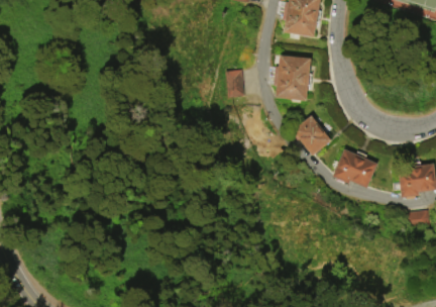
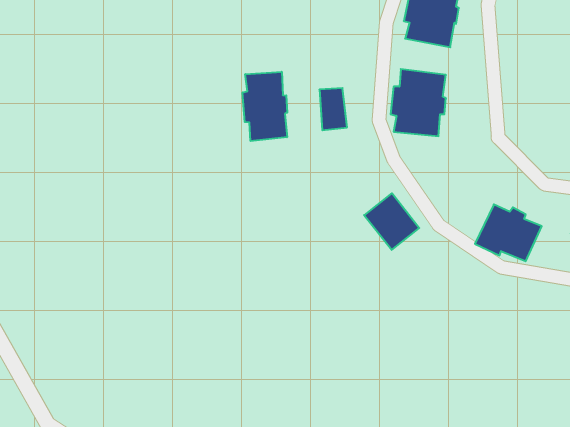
building: none -> [243,72,287,141]
building: [292,115,330,155] -> [364,193,419,250]

